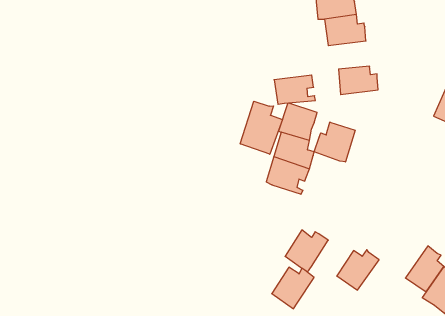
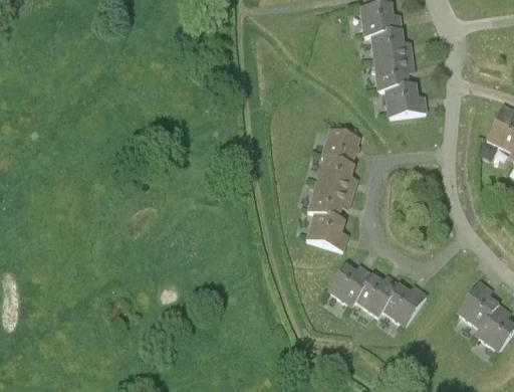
building: [274,75,315,104] -> [373,60,418,91]
building: [240,101,282,154] -> none
building: [314,122,355,162] -> none
building: none -> [306,214,349,251]
building: [272,267,314,309] -> [355,273,401,318]

